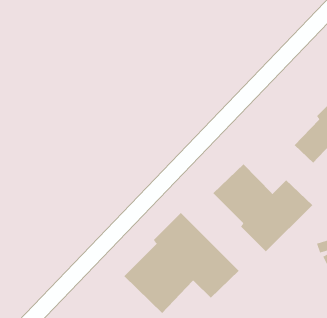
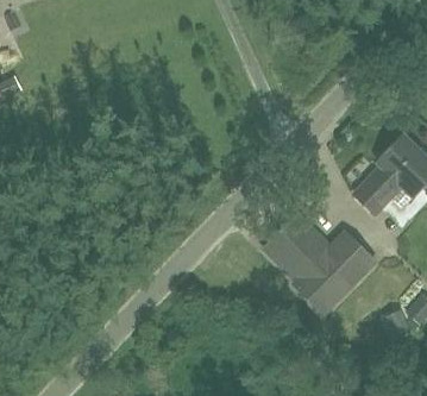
building: [124,212,240,314] -> none

